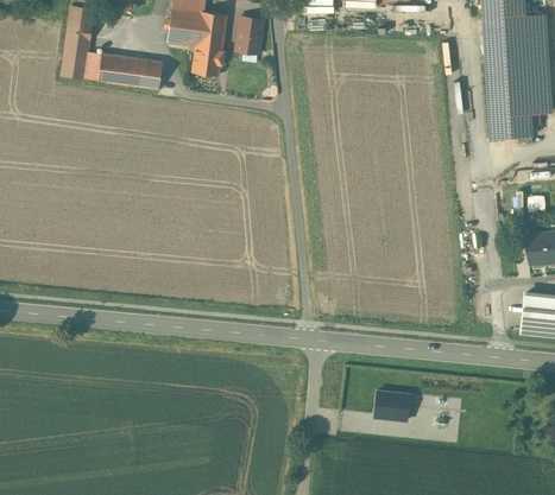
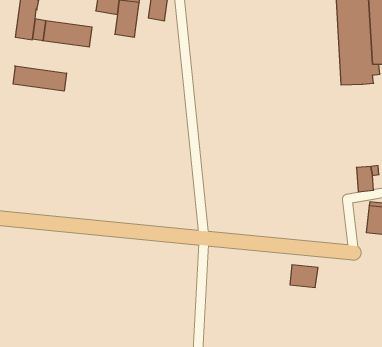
building: none -> [13,66,67,91]
building: [374,391,411,420] -> [290,265,318,287]

